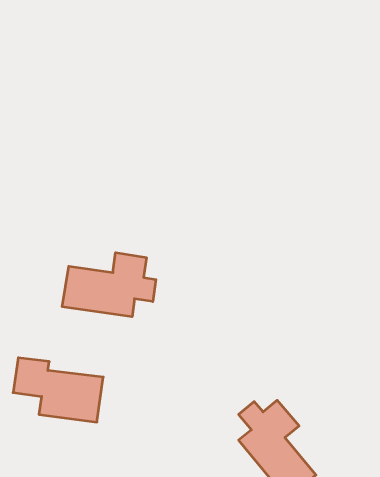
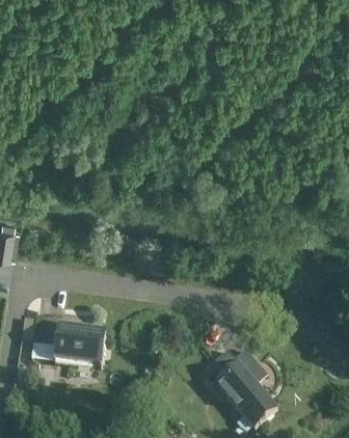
building: [62,253,156,317] -> none

